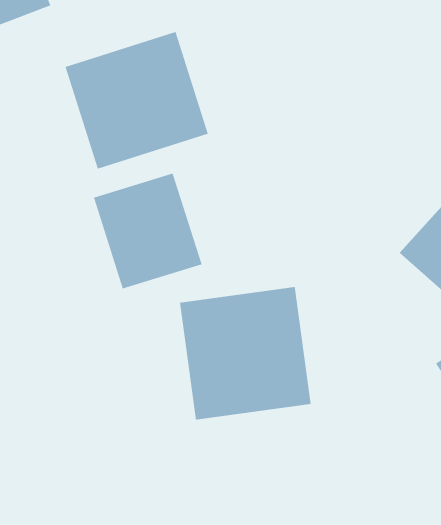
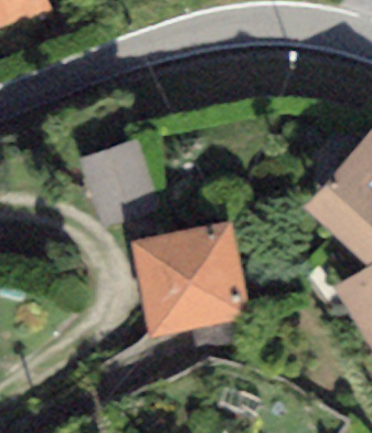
building: [65,31,208,170] -> none

